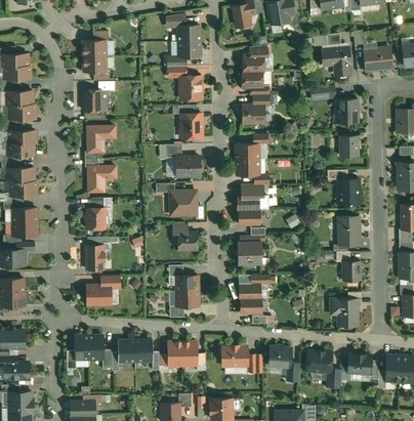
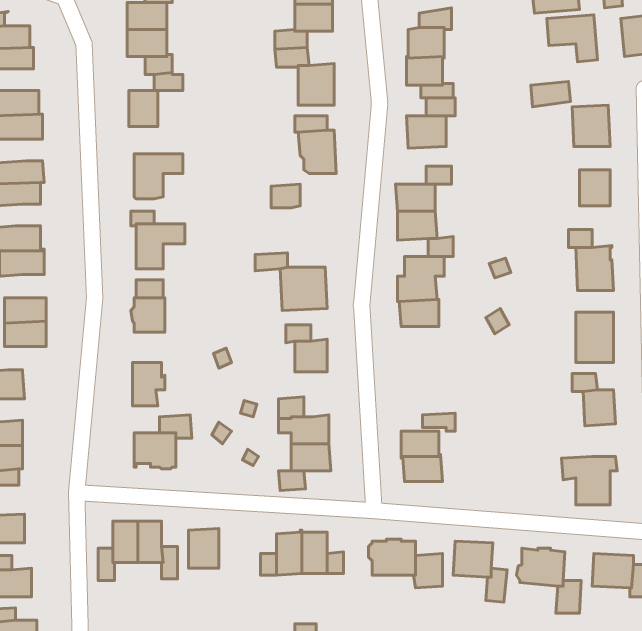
building: [176,157,203,177] -> none
building: [238,242,261,268] -> none
building: [135,340,153,363] -> none

